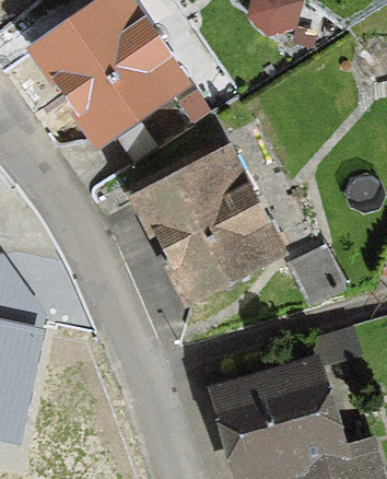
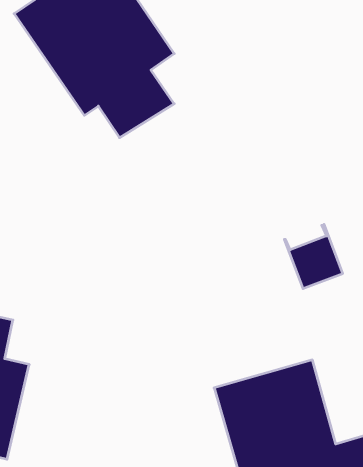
building: [138,144,282,293] -> none

